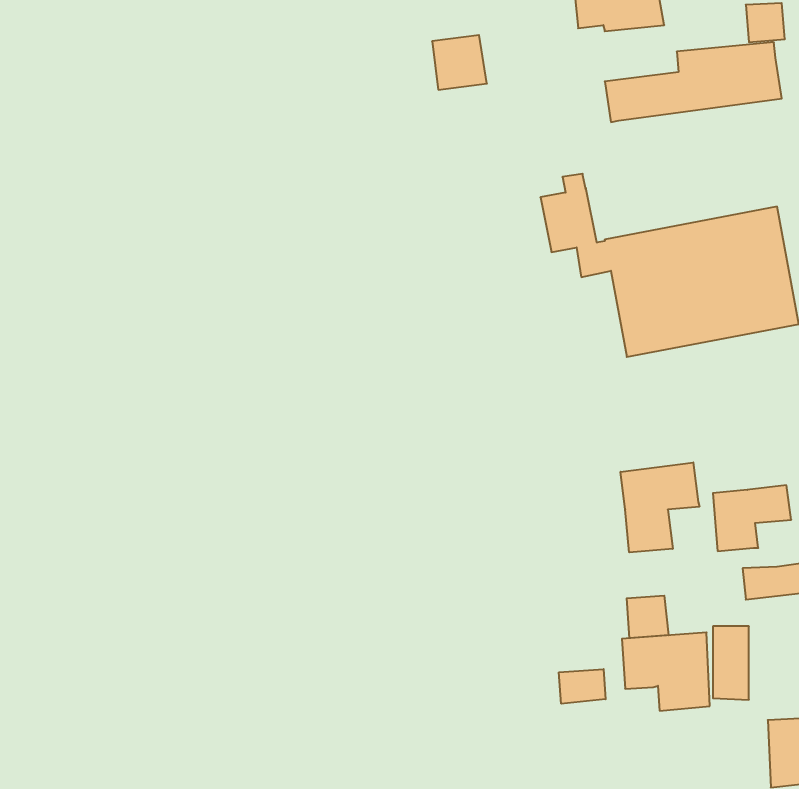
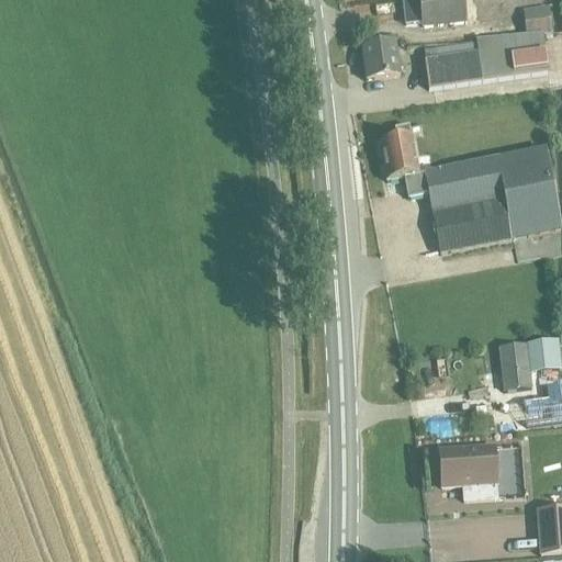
building: [432,35,487,90] -> [362,38,401,77]
building: [621,462,699,552] -> none
building: [627,596,669,638] -> none
building: [559,669,606,704] -> none

